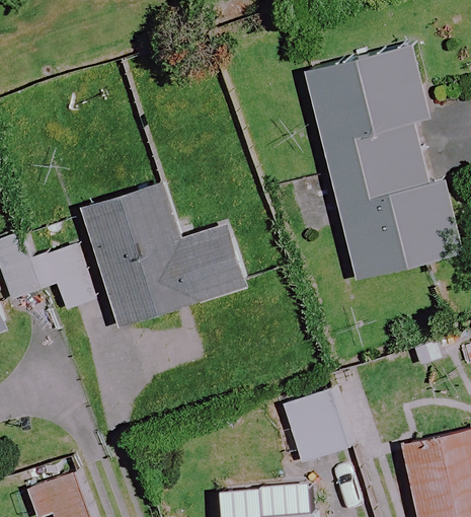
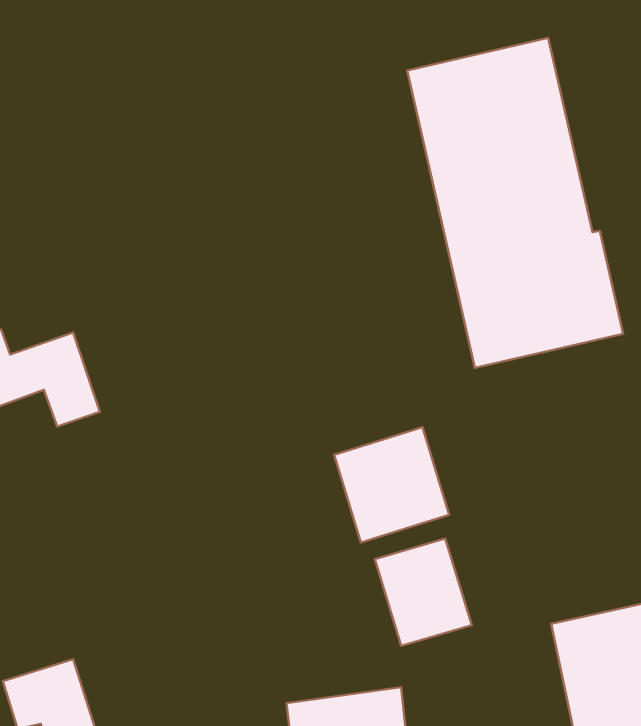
building: [85,186,246,325] -> none
building: none -> [334,427,449,543]

